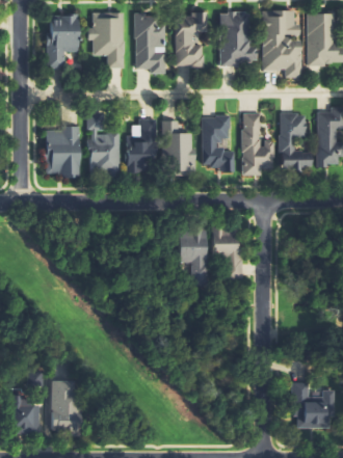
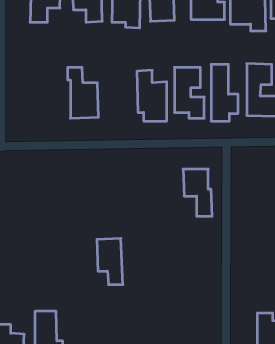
building: [126,118,155,172] -> none
building: [45,126,80,176] -> none
building: [179,226,207,276] -> [97,238,123,285]

